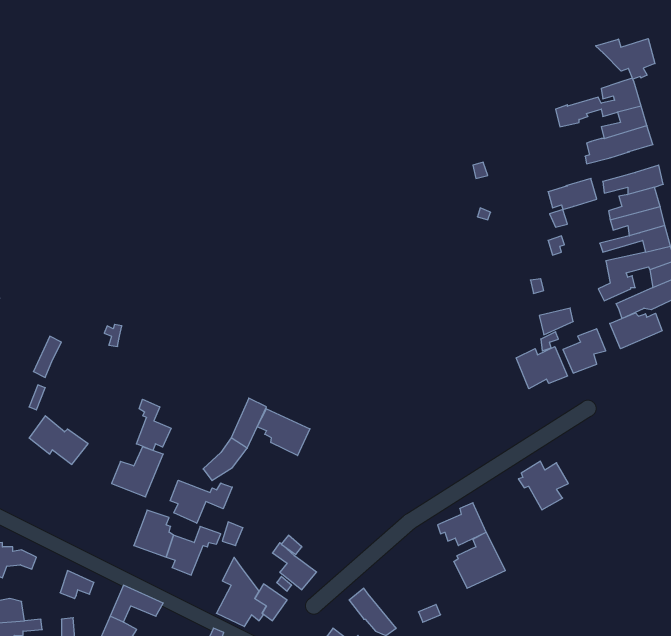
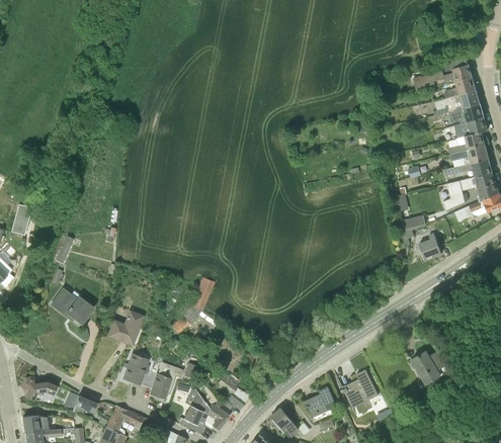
building: [596,39,655,79] -> none
building: [548,178,597,209] -> [450,103,484,124]
building: [610,313,662,349] -> none
building: [516,347,568,389] -> none
building: [136,399,171,450] -> none
building: [257,409,310,456] -> none
building: [518,461,568,510] -> [410,351,444,384]
building: [170,480,232,523] -> none
building: [438,503,486,546] -> [304,386,337,416]

